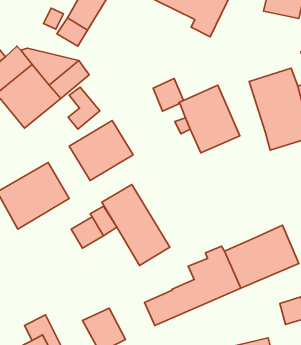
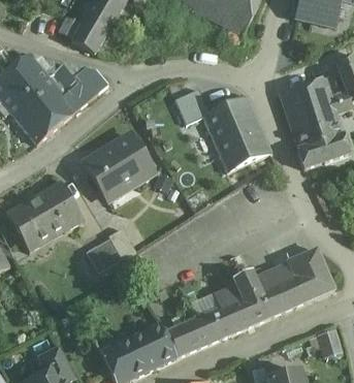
building: [68,87,100,129] -> none
building: [102,185,170,266] -> none
building: none -> [128,322,176,372]

